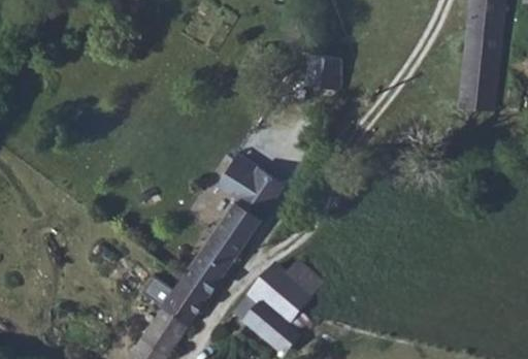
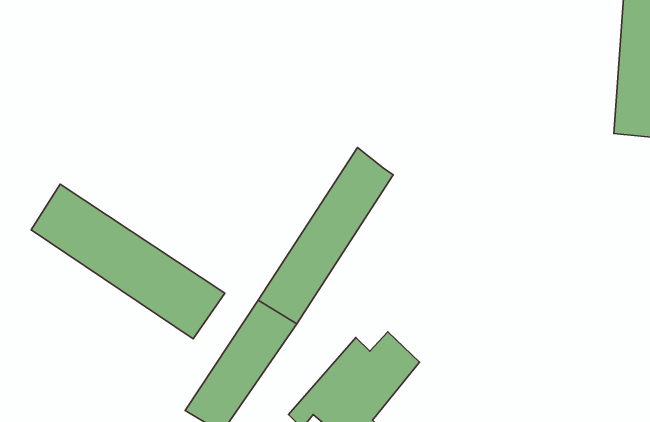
building: [305,55,341,90] -> none
building: none -> [31,184,225,339]

